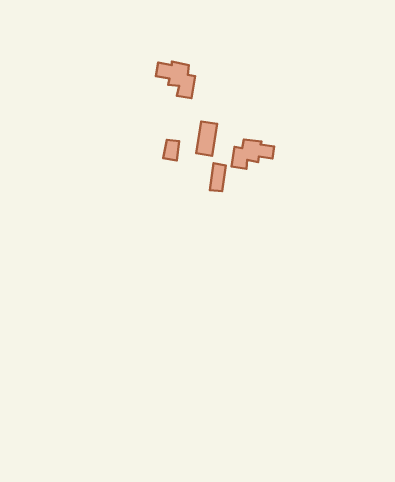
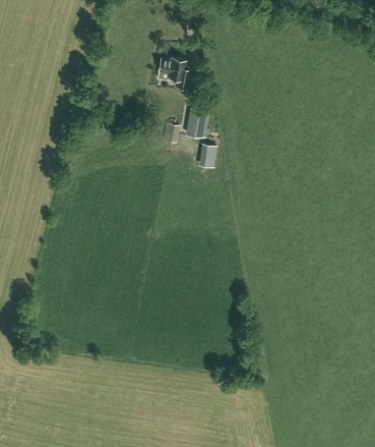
building: [232,140,274,169] -> none

